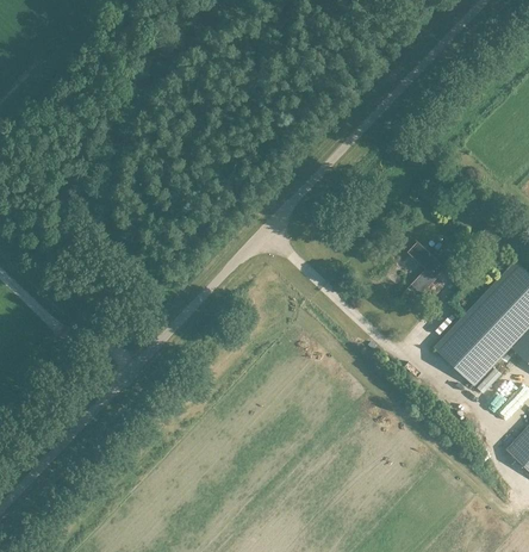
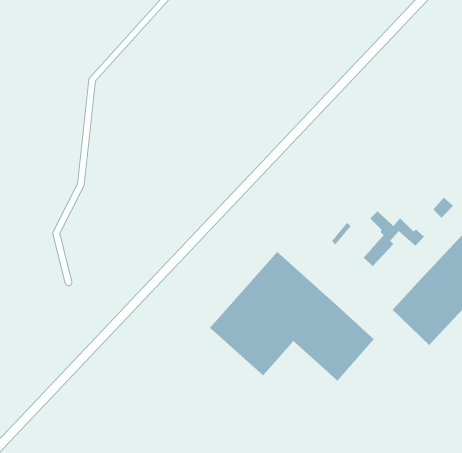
building: none -> [209,251,374,381]

